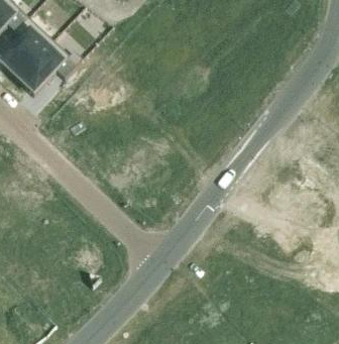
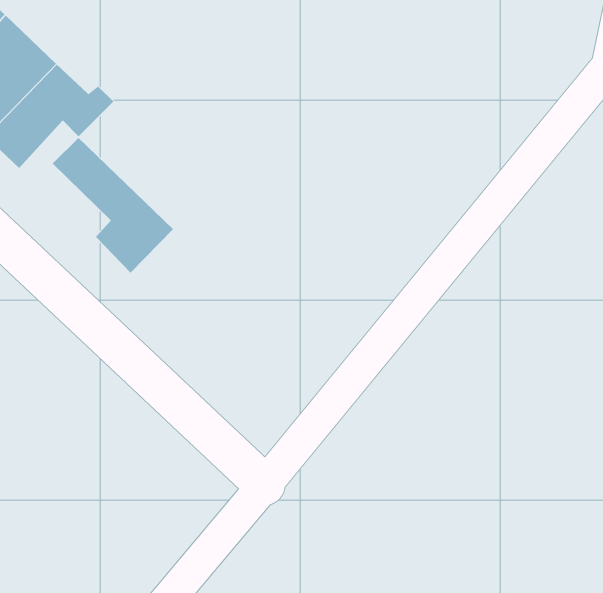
building: none -> [52,137,174,273]

